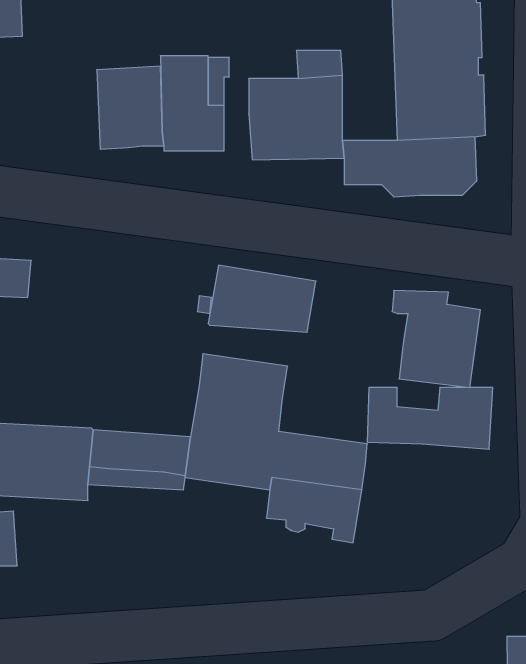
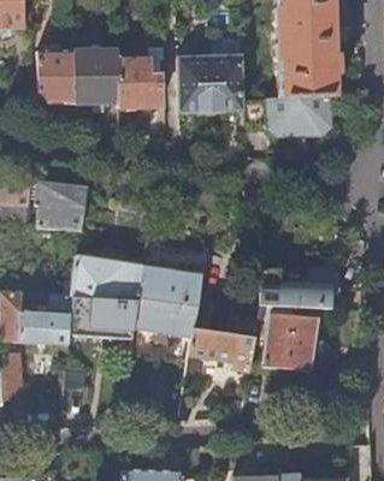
building: none -> [39,51,77,106]
building: none -> [36,182,88,230]
building: [208,265,316,332] -> [71,255,144,301]
building: [392,290,480,388] -> [258,304,318,370]

